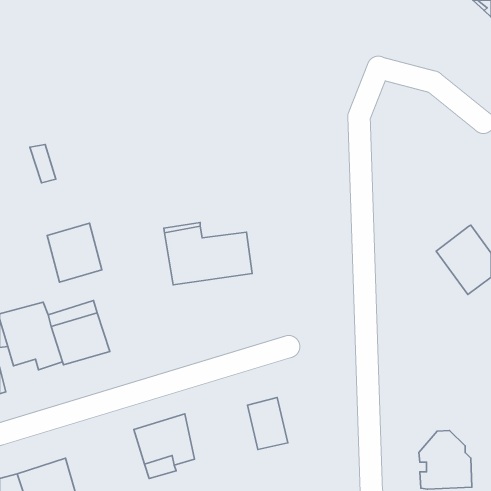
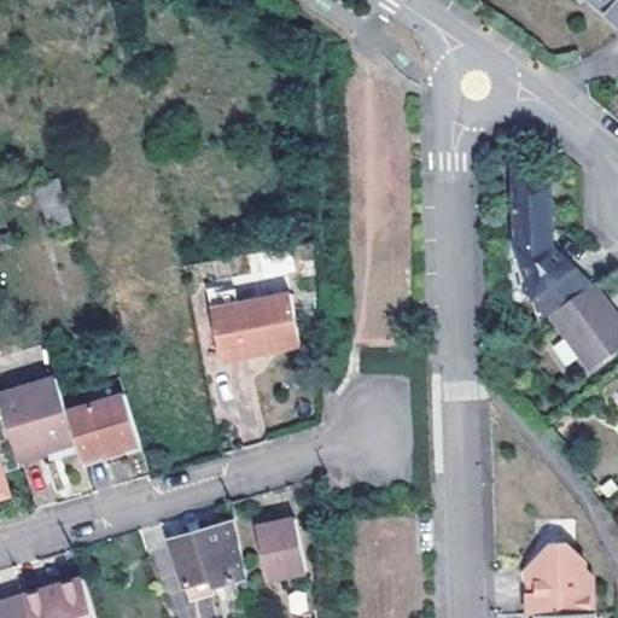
building: none -> [508,168,588,323]
building: [47,223,102,282] -> none
building: [247,398,288,450] -> [255,515,305,581]

